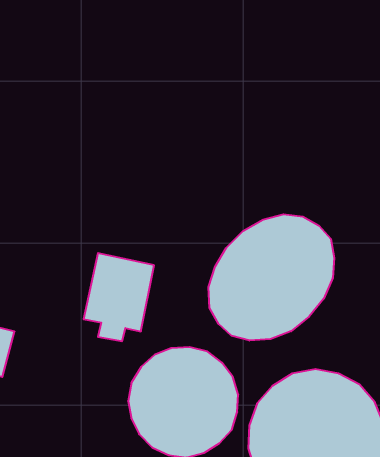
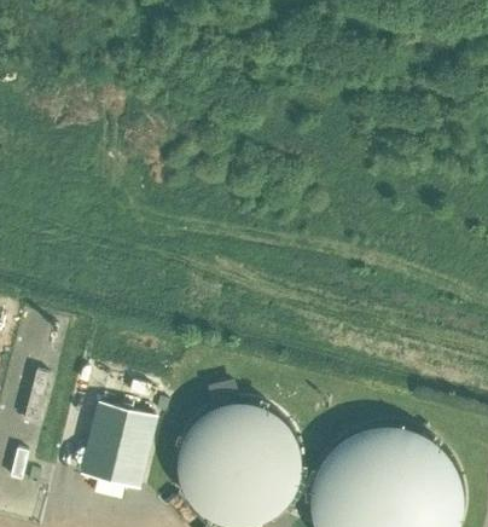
building: [209,214,334,341] -> none
building: [84,253,154,341] -> [77,412,155,509]

